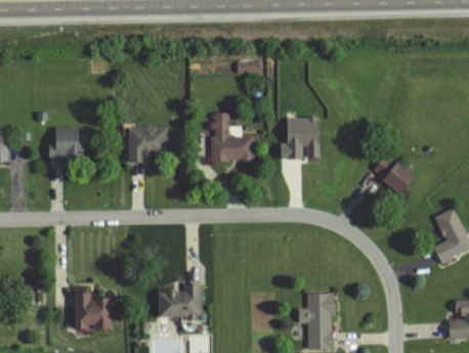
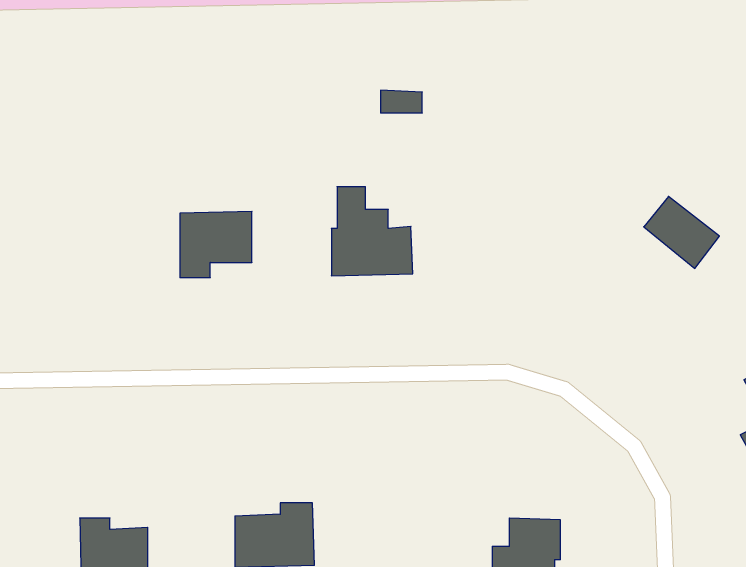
building: [280,117,318,159] -> none
building: [48,127,84,159] -> none
building: [372,153,413,192] -> [644,196,719,268]

